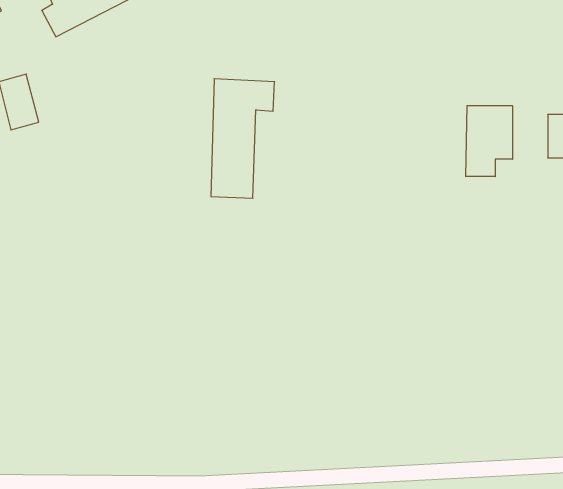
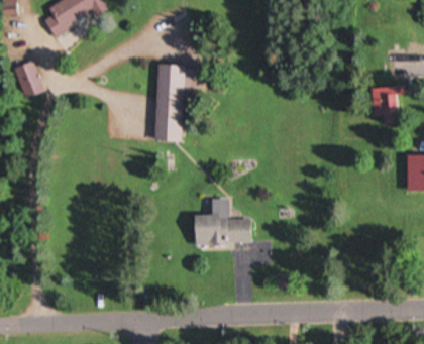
building: [466,106,512,177] -> none
building: none -> [193,199,251,244]

